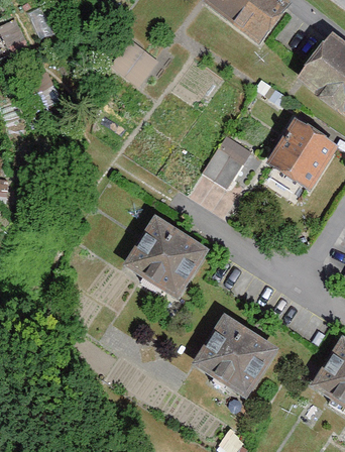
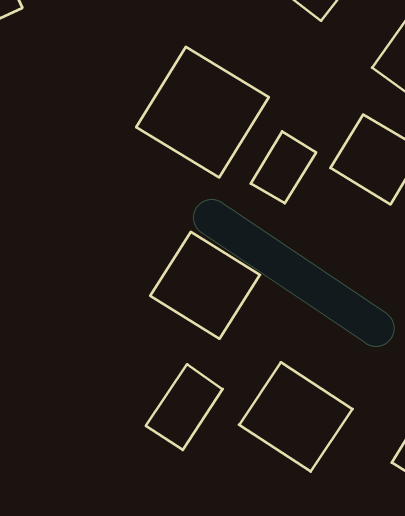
building: none -> [136,47,269,177]
building: none -> [146,364,223,450]

